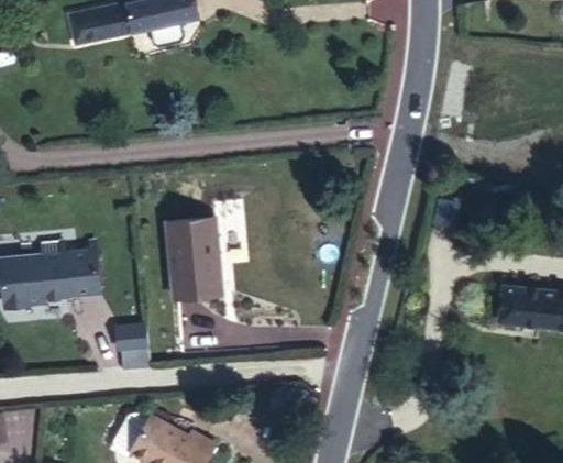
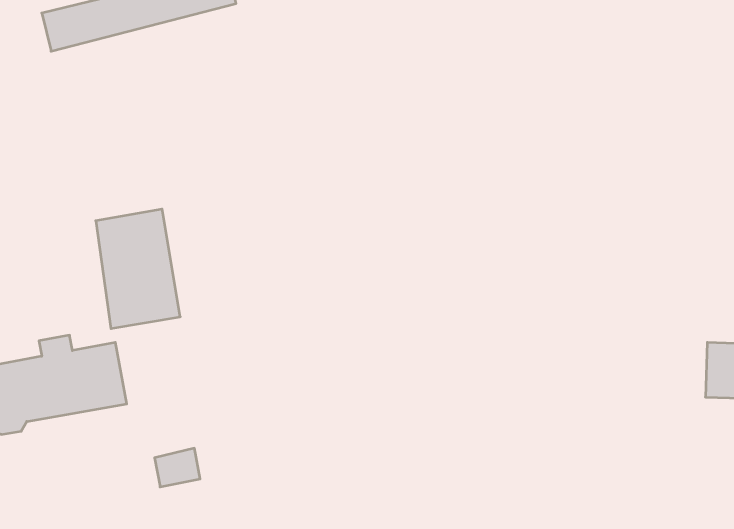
building: [168,223,222,305] -> [96,209,180,329]

